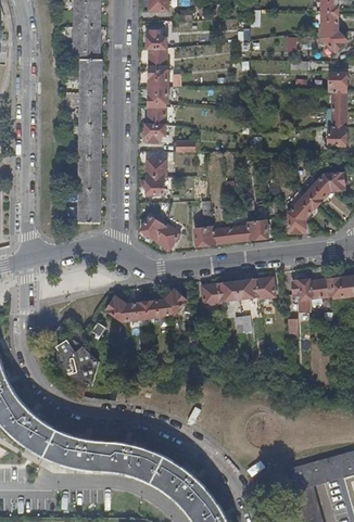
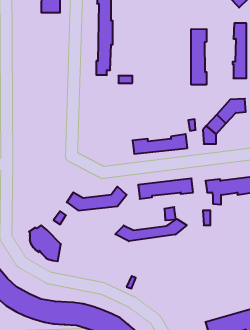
building: [78,59,101,221] -> none
building: none -> [191,29,207,85]
building: [147,158,165,193] -> none
building: [141,216,178,249] -> none
building: none -> [115,219,187,241]

